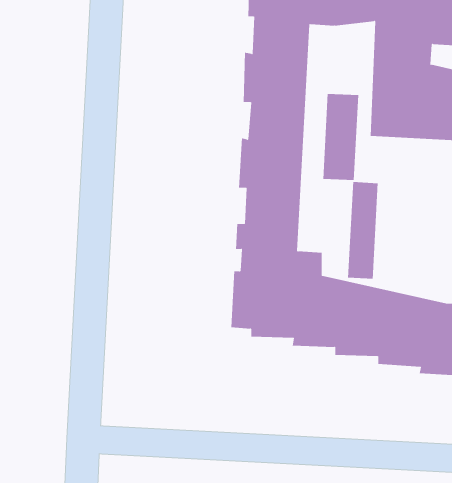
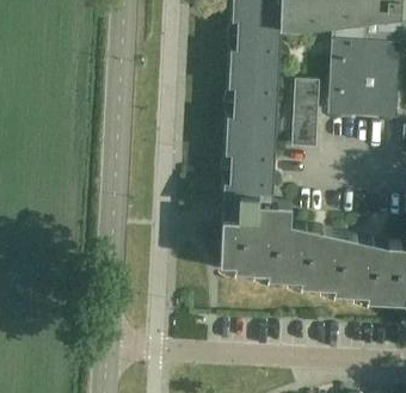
building: [348,181,378,280] -> none

